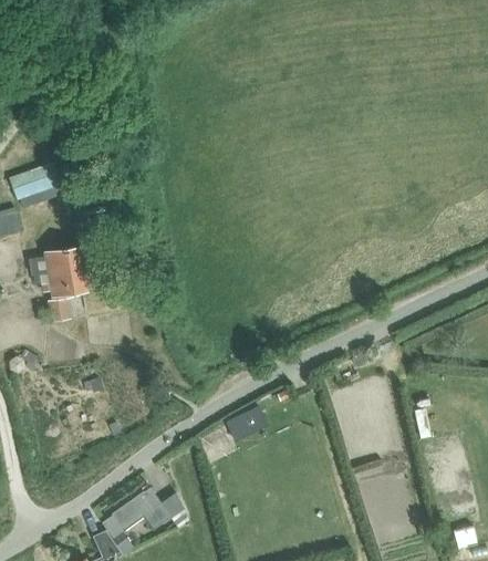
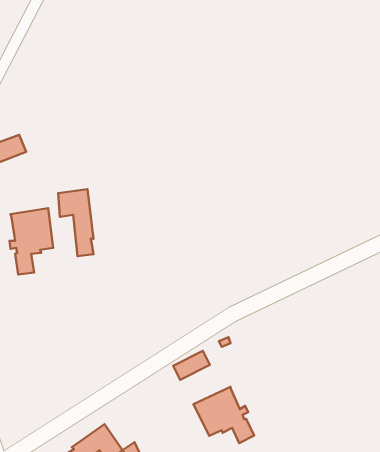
building: none -> [58,189,94,256]
building: none -> [193,387,254,443]

